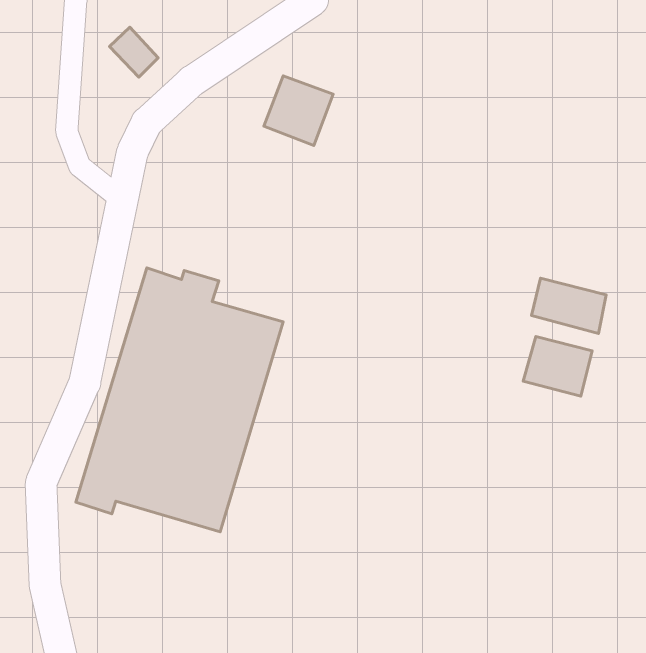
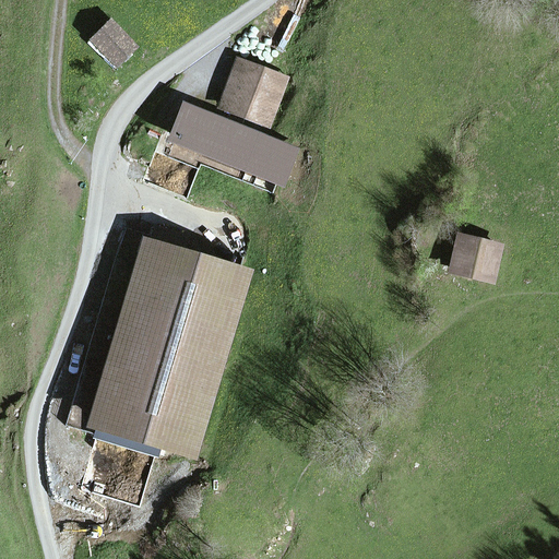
building: none -> [185,114,300,185]
building: [523,337,592,396] -> none

